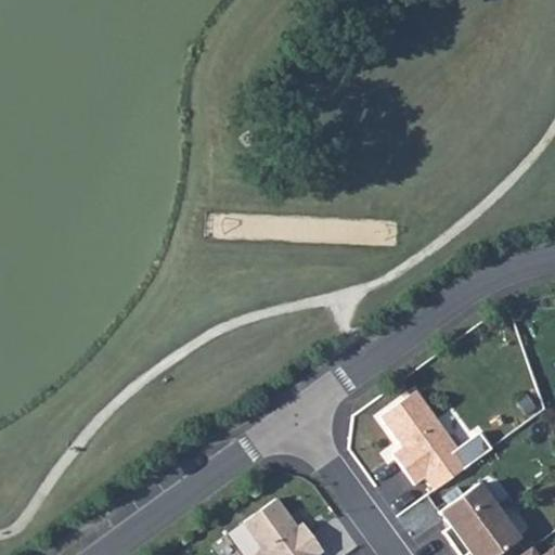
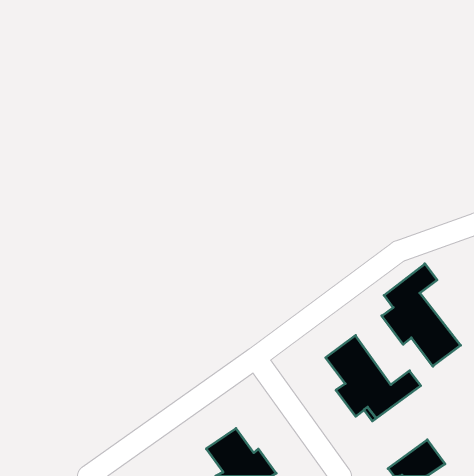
building: none -> [382,264,461,366]
building: [440,483,500,545] -> none

